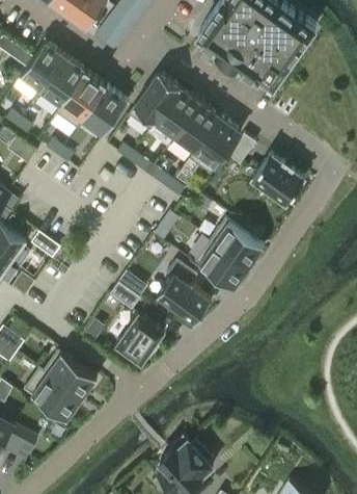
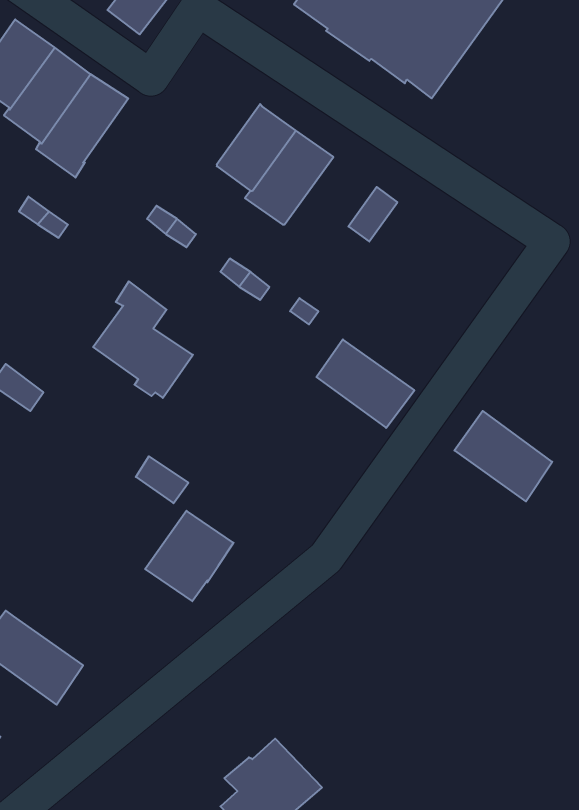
building: [129,72,182,131] -> none
building: [82,85,128,135] -> none
building: [189,118,241,175] -> none
building: [252,153,305,204] -> none
building: [195,239,249,289] -> [454,411,552,501]
building: [157,259,212,323] -> [93,281,193,398]
building: [44,349,98,398] -> none

